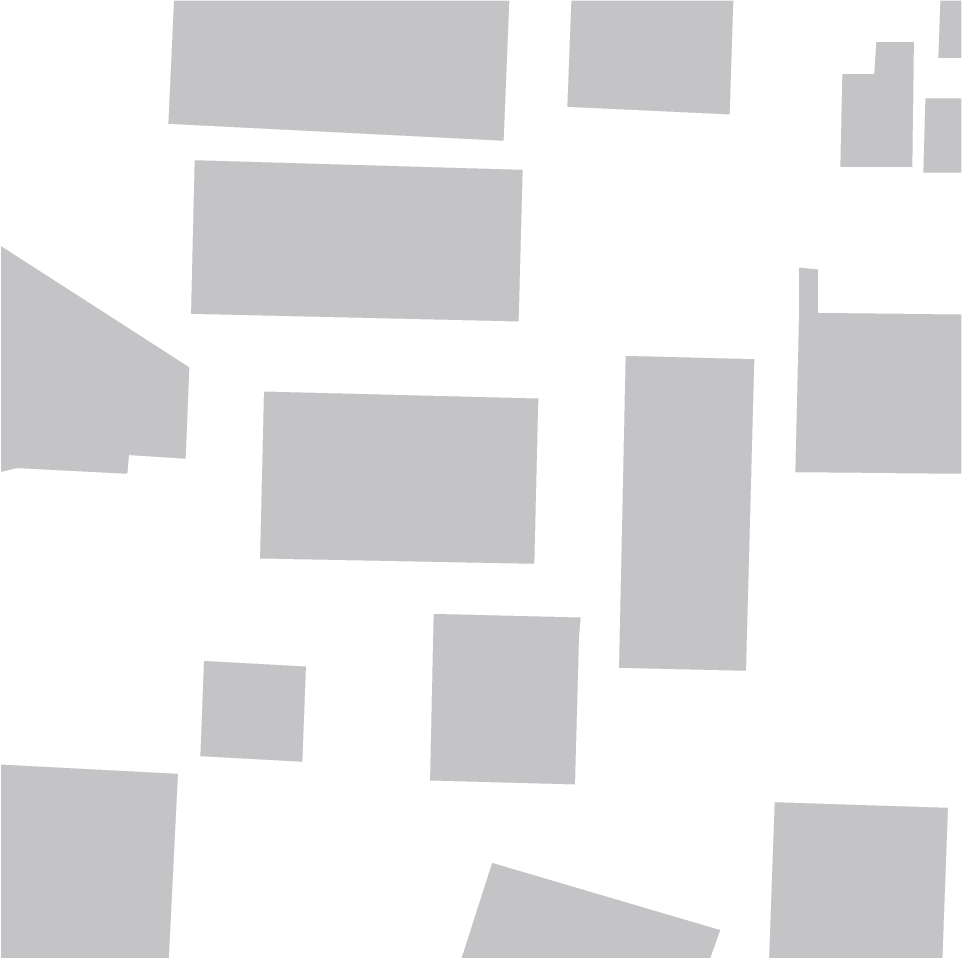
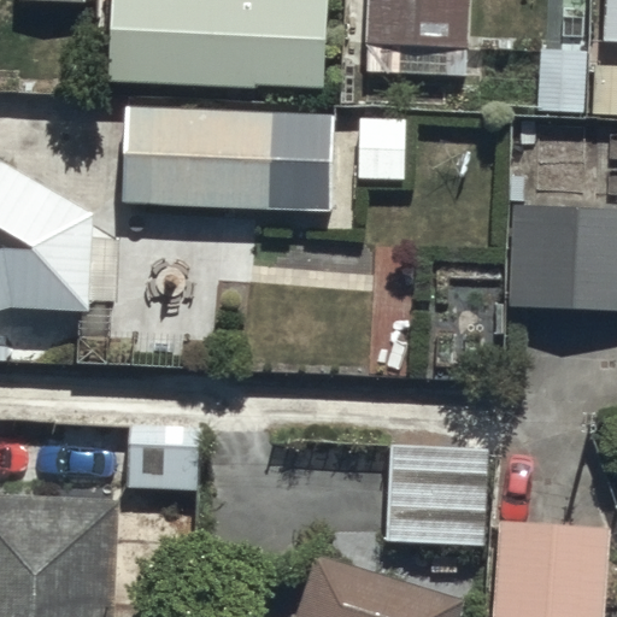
building: [618,355,755,672] -> none
building: [260,391,539,564] -> none
building: [429,613,582,785] -> [388,434,486,543]

